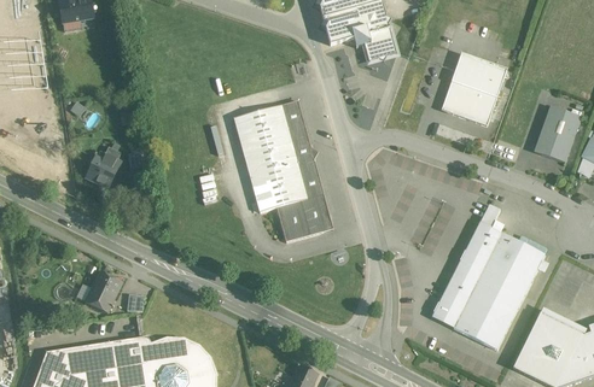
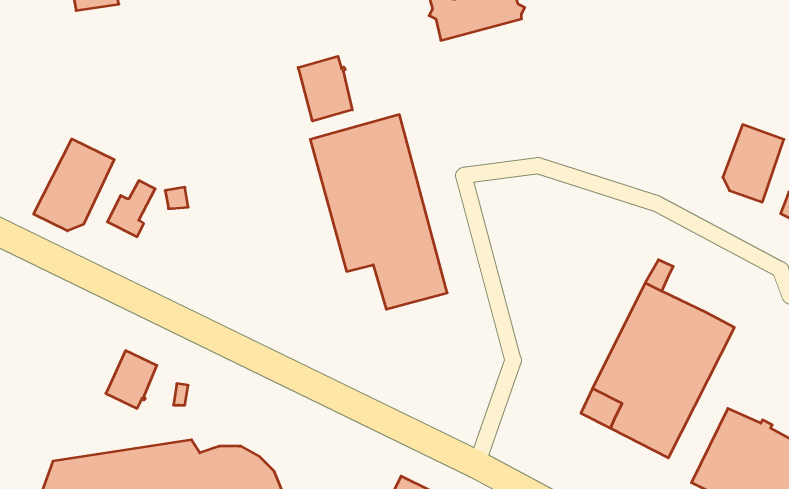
building: [354,28,396,60] -> none
building: [443,52,507,125] -> none
building: none -> [298,56,352,121]
building: none -> [34,139,114,231]

